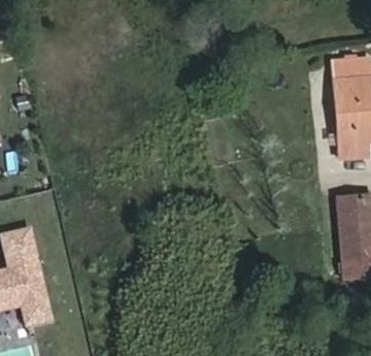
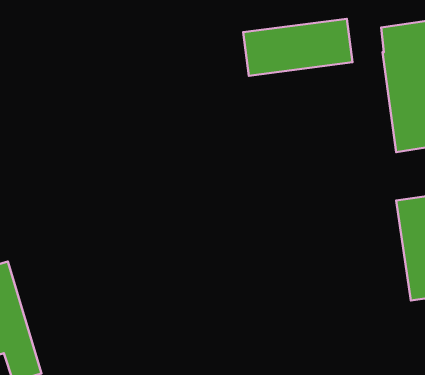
building: none -> [243,19,353,76]

